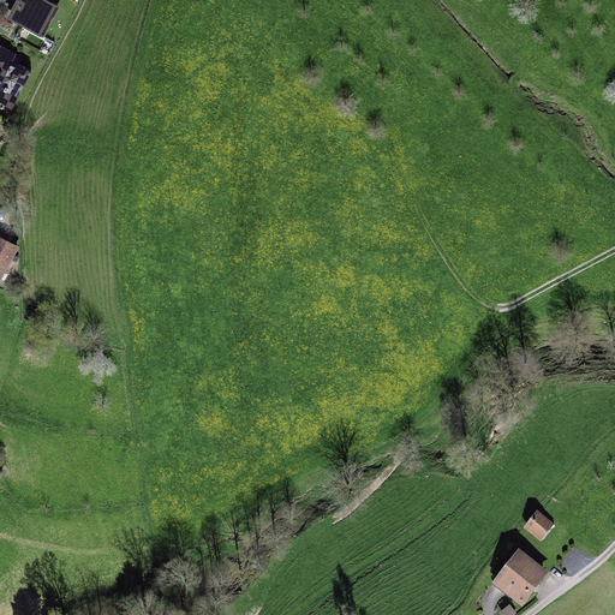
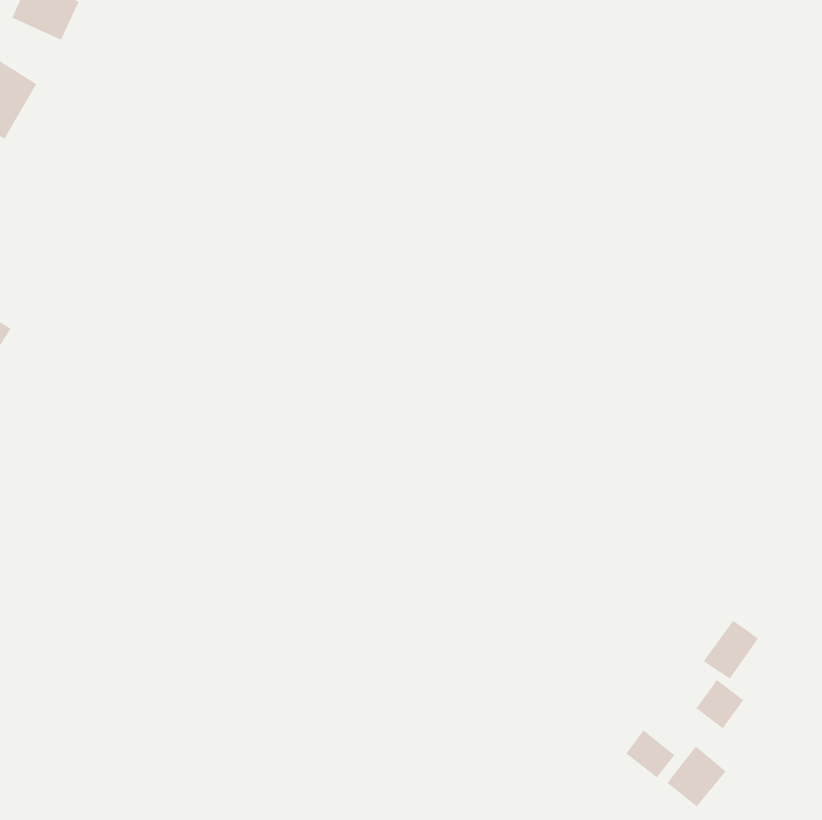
building: none -> [703,620,759,679]
building: none -> [625,729,675,778]

